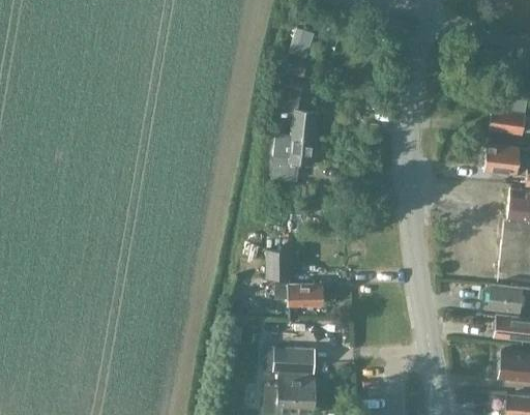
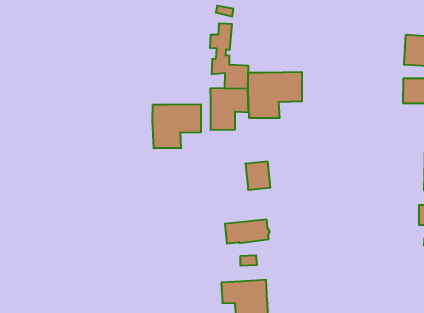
building: none -> [248,72,302,118]
building: none -> [153,104,201,148]
building: [267,249,292,278] -> [245,162,270,190]

